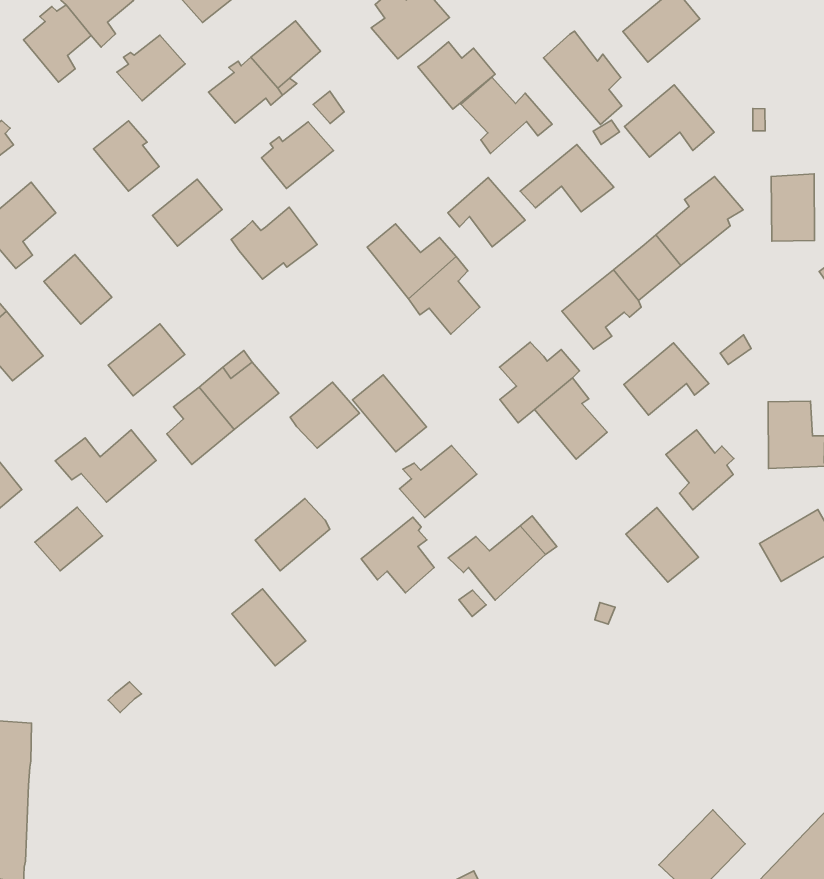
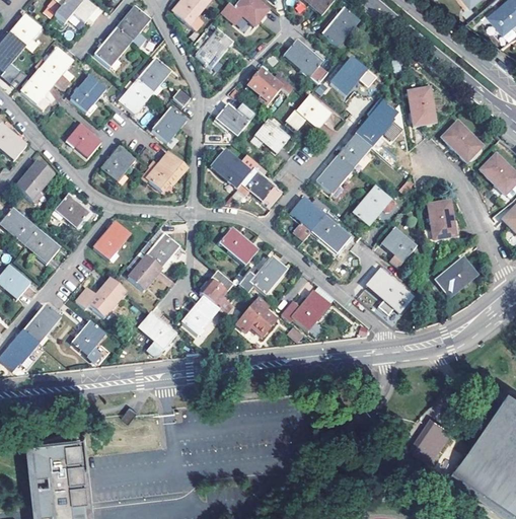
building: [418,42,495,109] -> [215,101,254,135]
building: [290,382,360,448] -> [199,271,233,305]
building: [232,589,306,666] -> [136,310,175,348]

